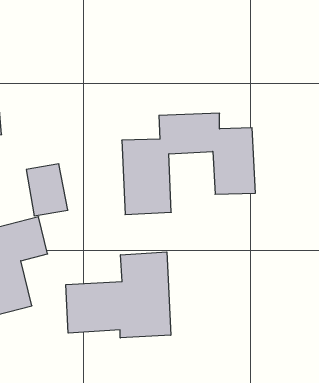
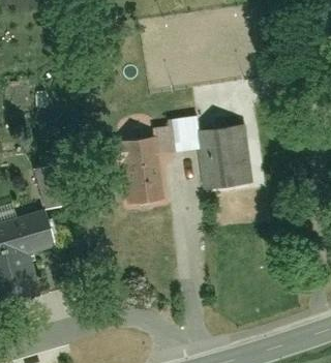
building: [66,252,171,338] -> none

